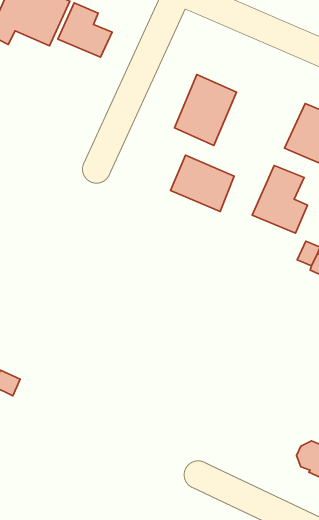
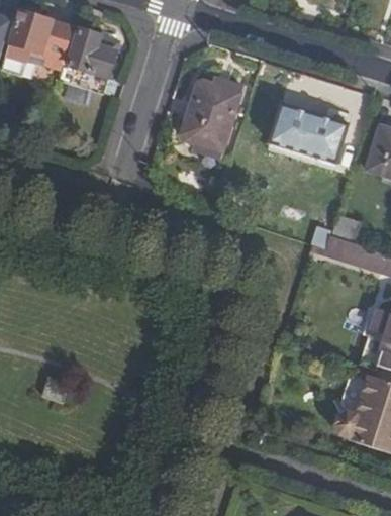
building: [170,155,234,212] -> none
building: [252,166,307,233] -> none

